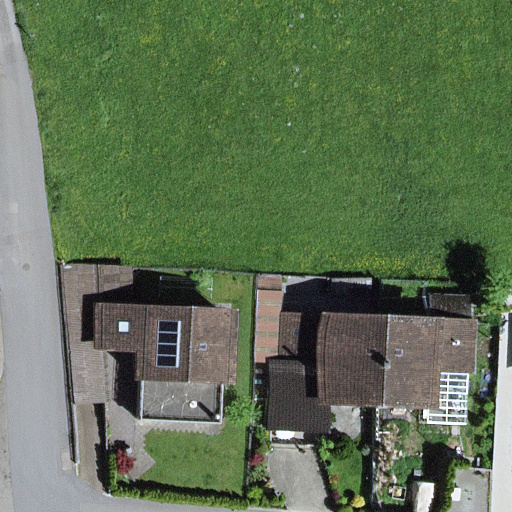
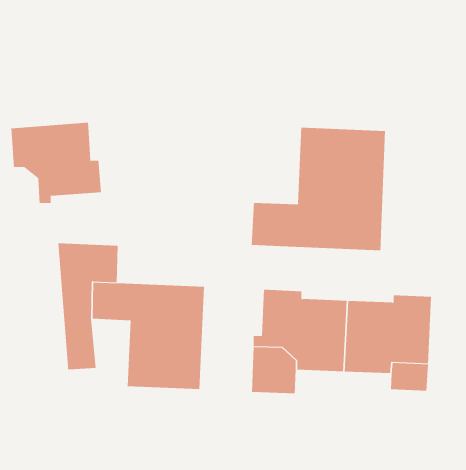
building: none -> [11,122,101,204]
building: none -> [251,127,385,251]

